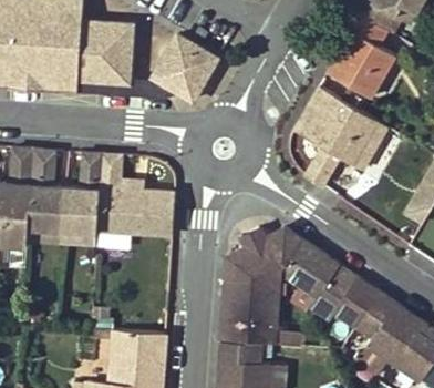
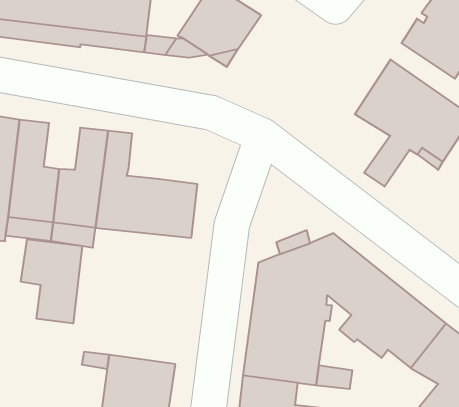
building: none -> [21,239,82,324]

